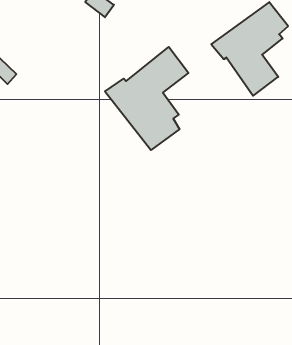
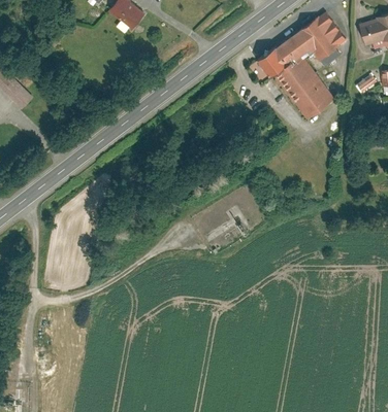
building: [105,47,188,150] -> none

